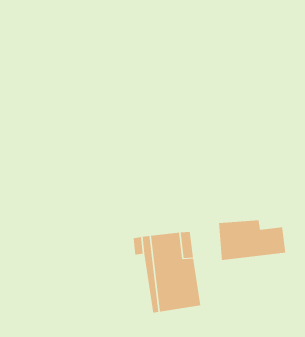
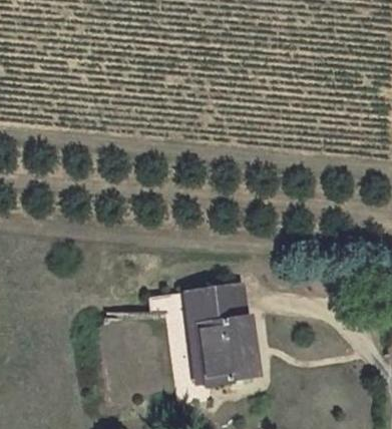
building: [218,219,286,261] -> none

